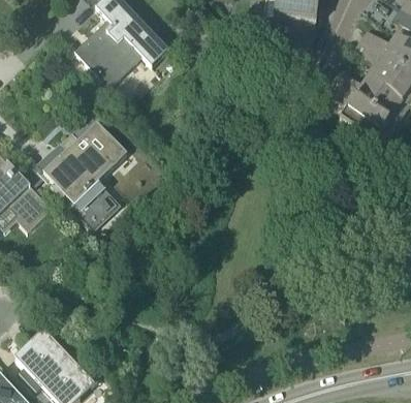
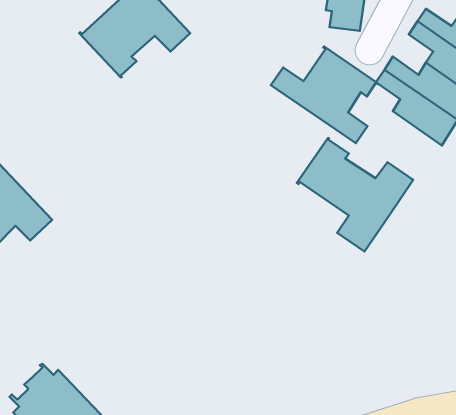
building: none -> [271,46,377,143]
building: [43,122,127,230] -> none
building: none -> [297,138,413,252]

